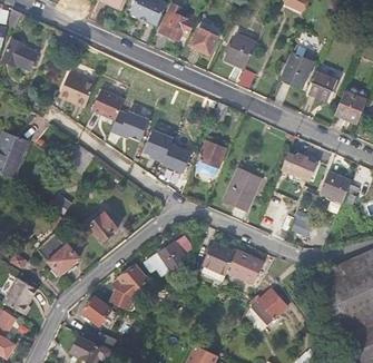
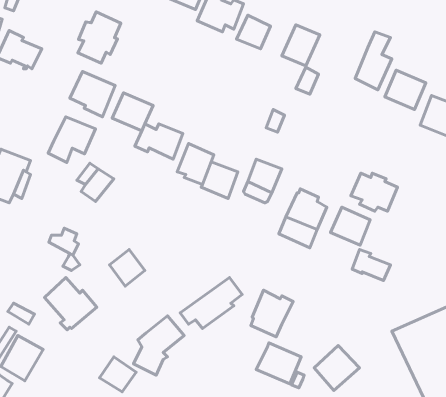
building: none -> [78,12,121,63]
building: none -> [48,117,95,163]
building: [320,170,351,200] -> [331,207,370,245]
building: [226,249,262,282] -> [256,343,301,384]

